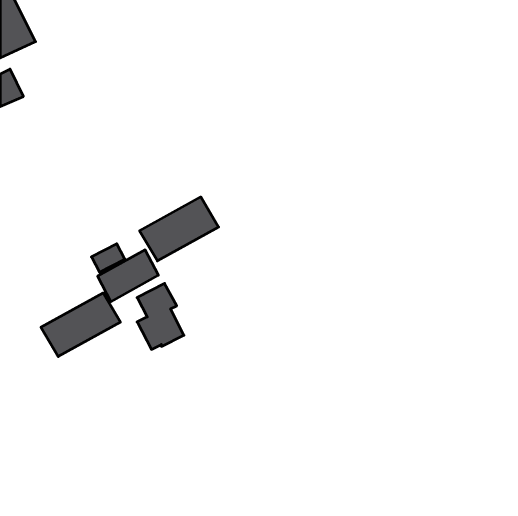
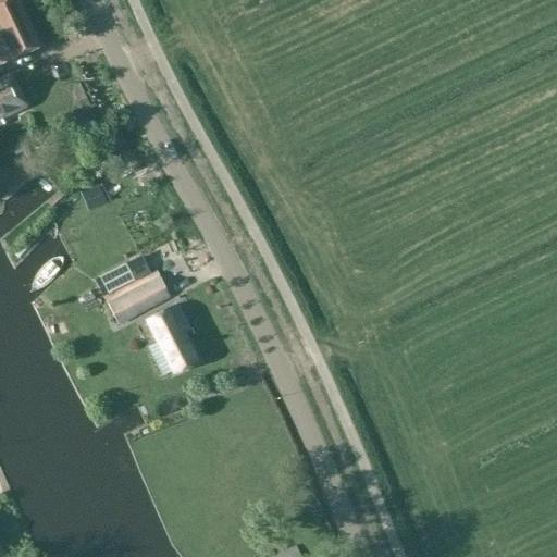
building: [140,197,219,261] -> none
building: [41,293,120,357] -> none

